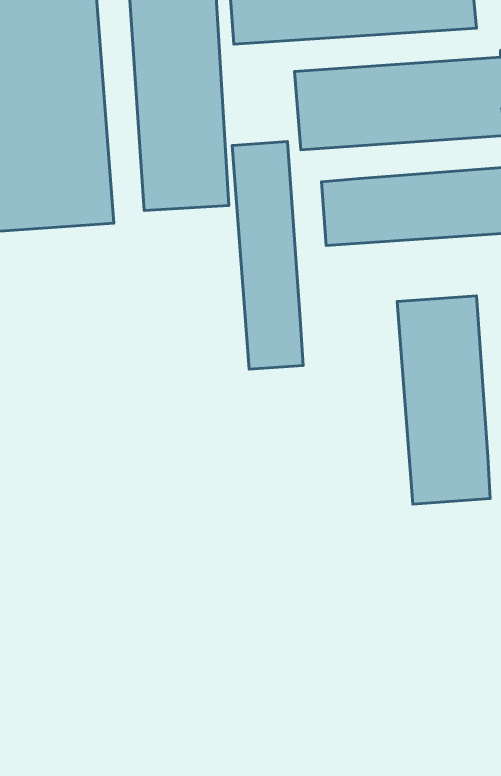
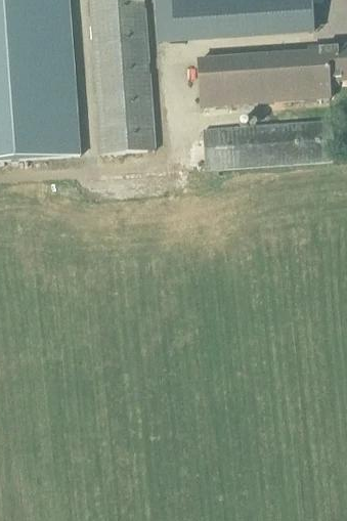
building: [232,142,303,369] -> none
building: [397,296,490,504] -> none

